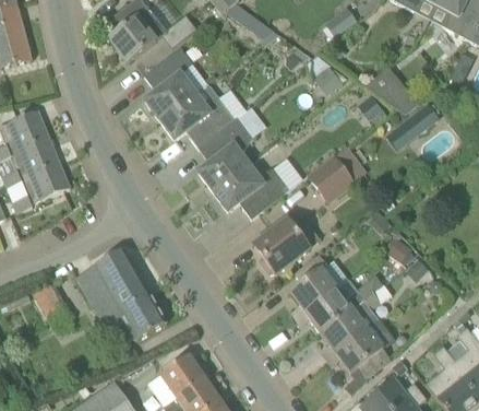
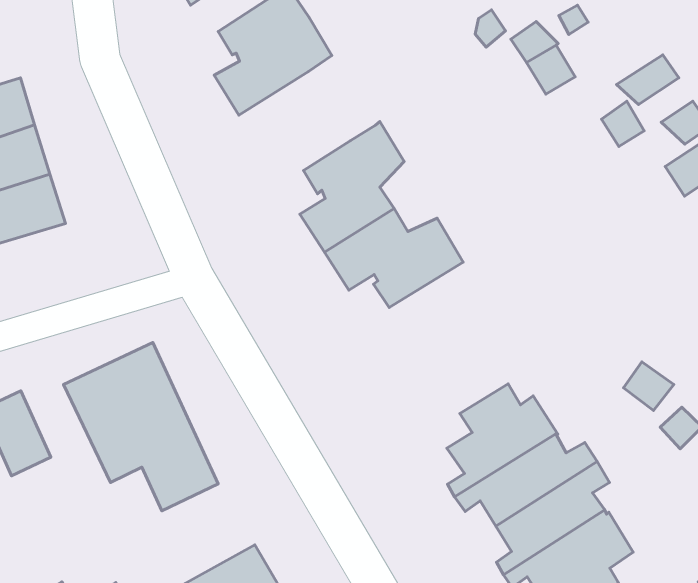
building: [159,87,247,146] -> none
building: [307,144,367,203] -> none
building: [253,211,309,273] -> none

